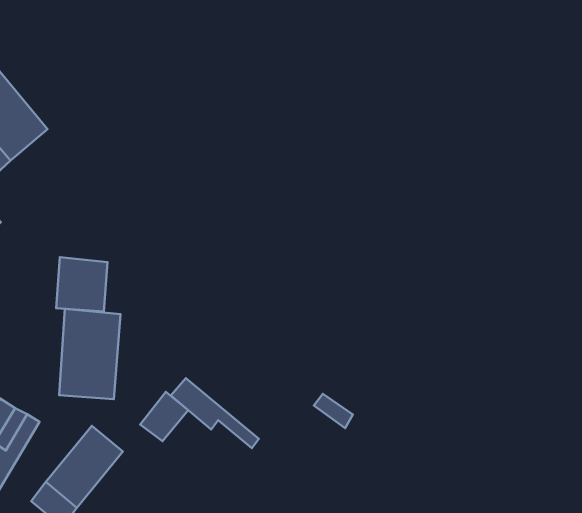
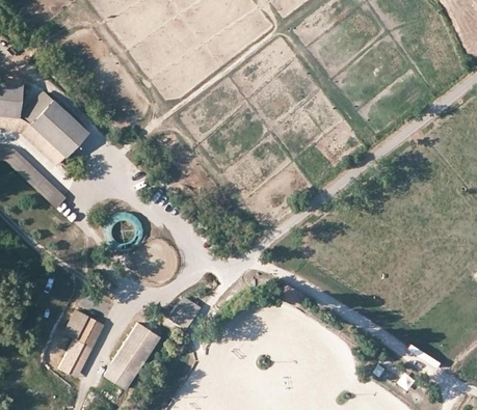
building: [59,309,121,399] -> none
building: [171,378,259,448] -> none

